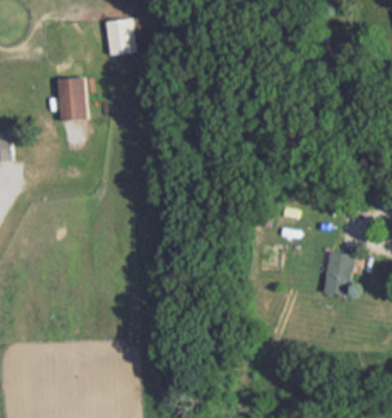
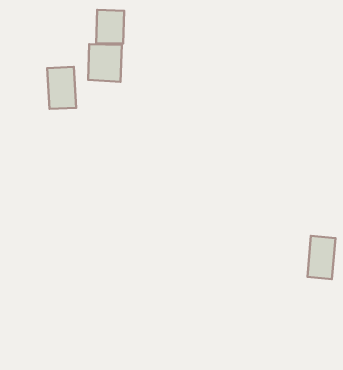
building: none -> [88,44,122,82]

